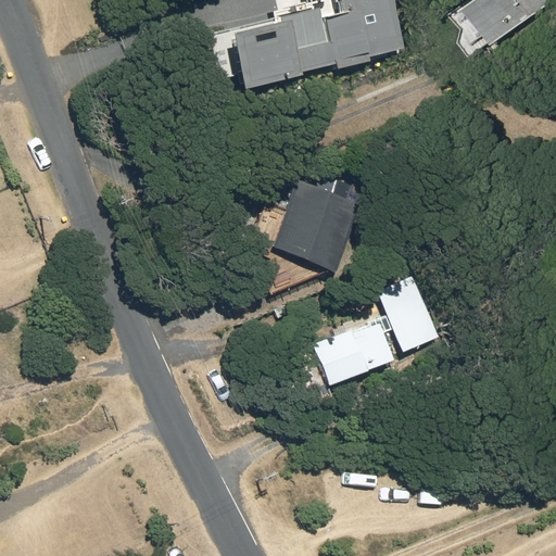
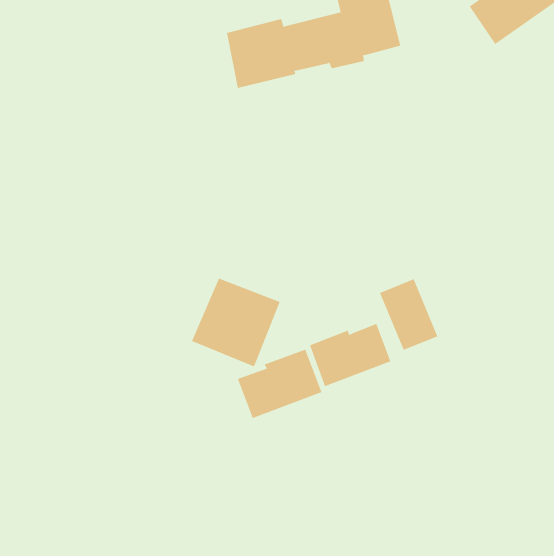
building: [271,181,361,270] -> [191,278,281,367]
building: none -> [237,349,322,419]

